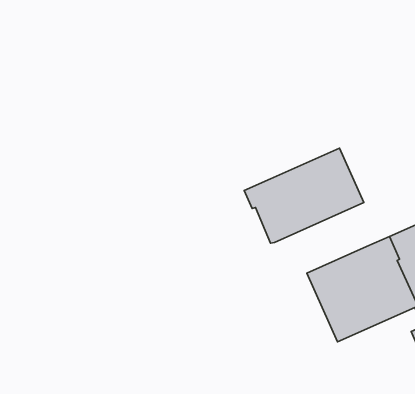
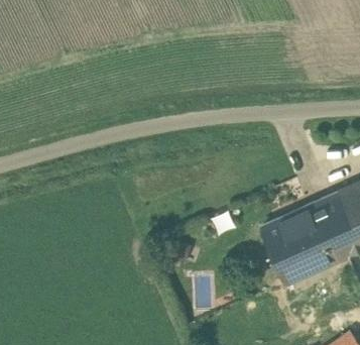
building: [244,148,364,243] -> none

